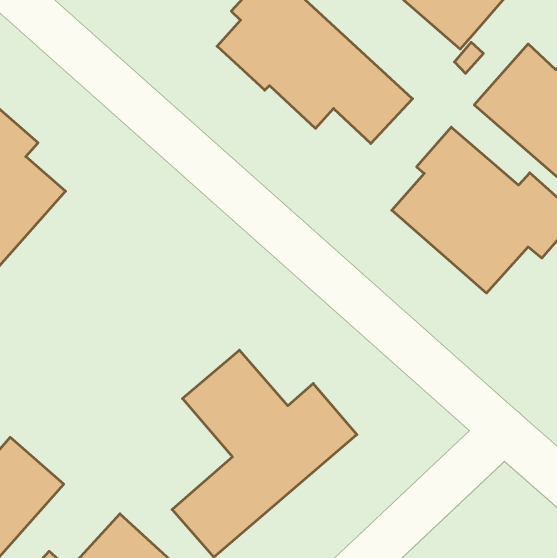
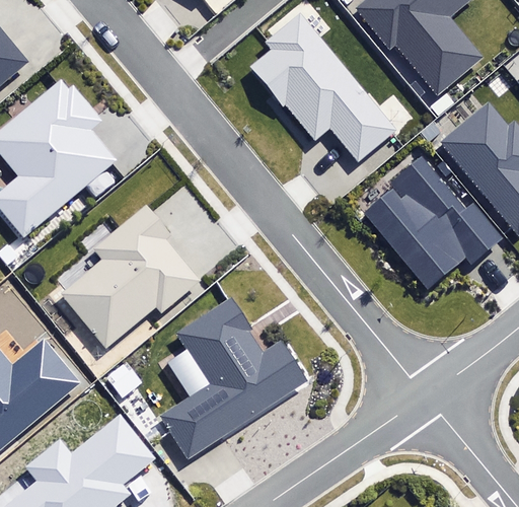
building: none -> [59,204,199,350]

